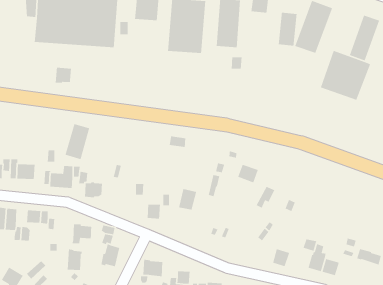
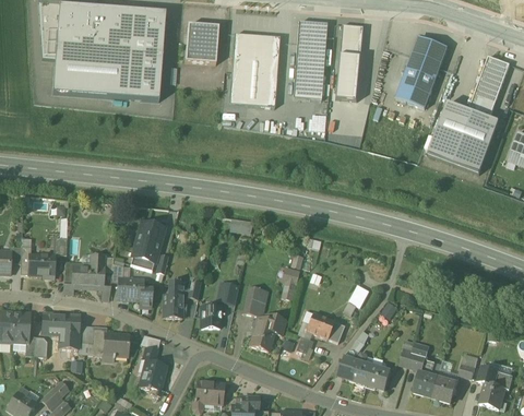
building: [278,12,298,47] -> [334,52,360,98]
building: [55,67,72,84] -> none
building: [65,123,90,160] -> [130,222,164,271]
building: [237,164,259,184] -> [306,312,334,338]
building: none -> [163,282,182,318]
building: none -> [249,317,286,350]
building: none -> [342,359,372,385]
building: [67,249,82,271] -> [84,325,105,355]
building: none -> [479,381,505,408]

